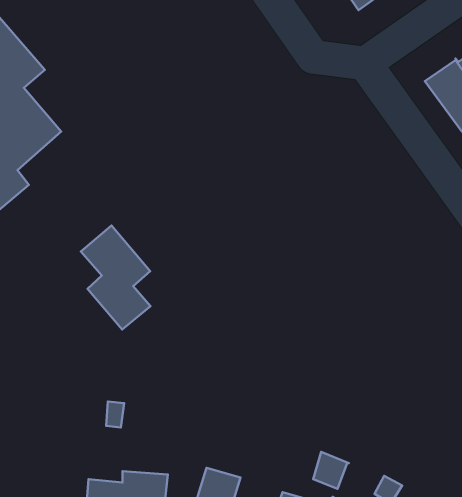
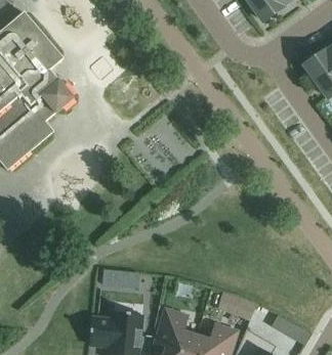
building: [81,226,150,329] -> none

